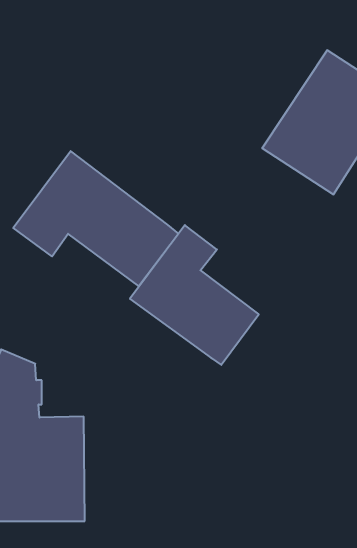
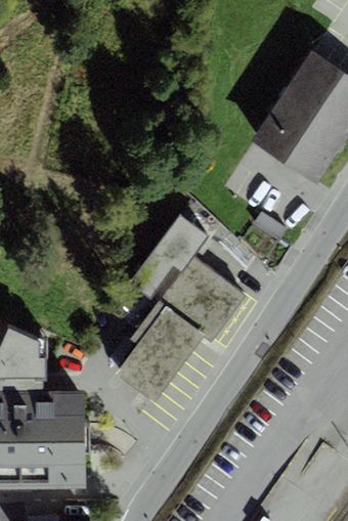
building: [13,151,178,286] -> none
building: none -> [107,281,203,402]

